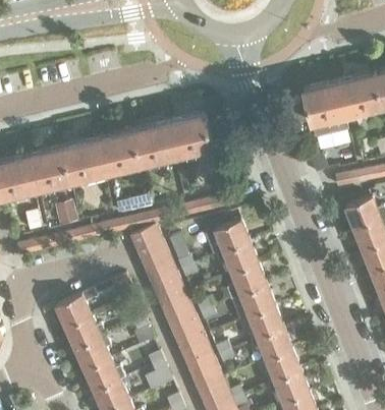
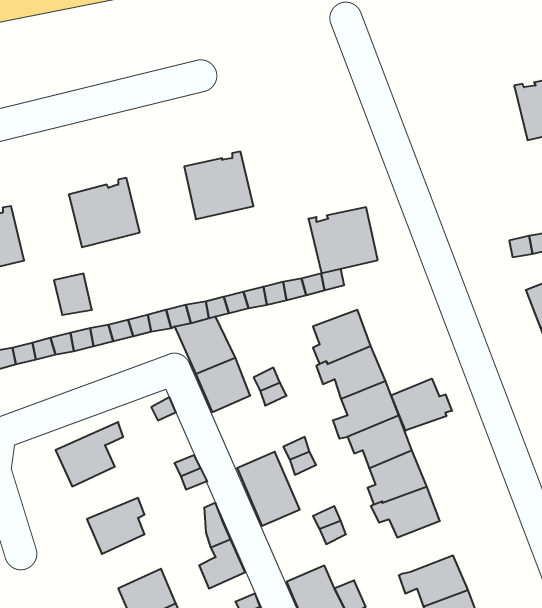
building: [304,81,346,123] -> none
building: [169,115,212,156] -> [308,207,378,273]
building: [99,131,142,172] -> none
building: [28,149,71,189] -> none
building: none -> [391,379,452,431]
building: [152,273,190,317] -> none
building: [65,316,106,349] -> none
building: [182,343,221,388] -> none
building: [265,350,300,383] -> none
building: [84,358,124,392] -> none

